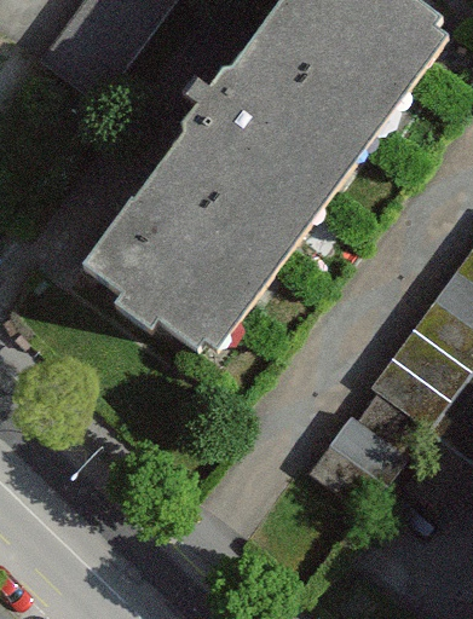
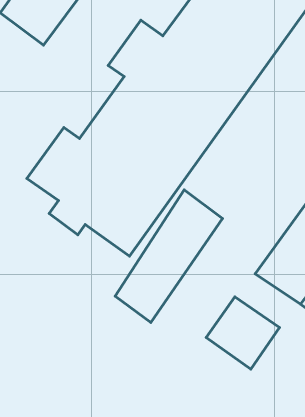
building: none -> [115,190,223,323]

